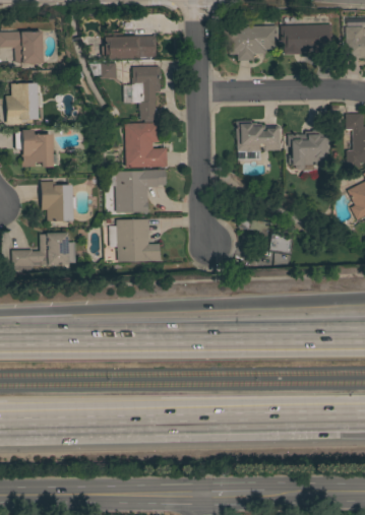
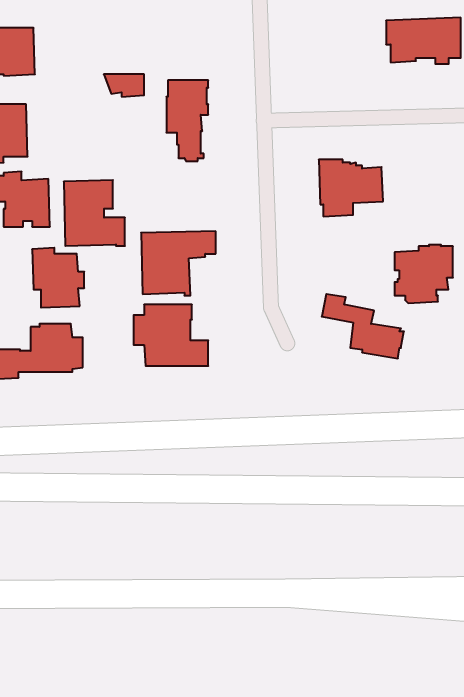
building: [225,25,279,61] -> none
building: [102,33,157,59] -> none
building: [125,123,167,168] -> [64,180,125,246]
building: [289,130,328,170] -> [395,245,453,303]

